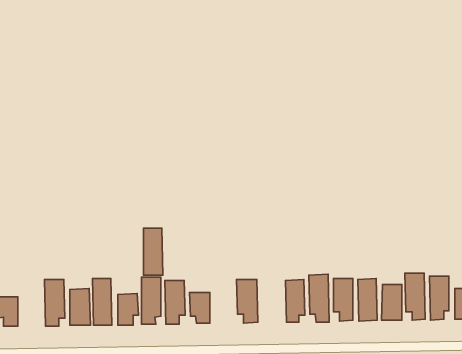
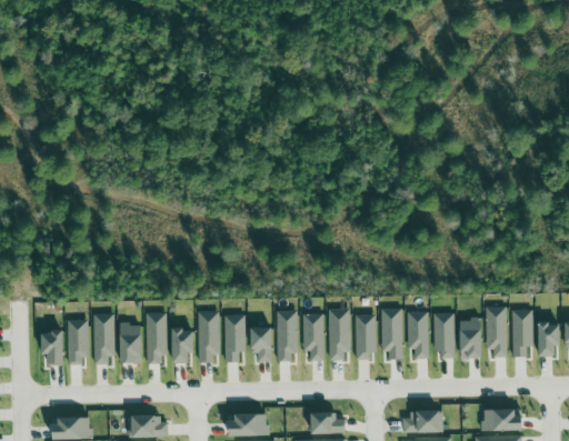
building: [143,228,163,275] -> [277,310,298,361]
building: none -> [329,309,350,360]
building: none -> [68,319,88,364]

